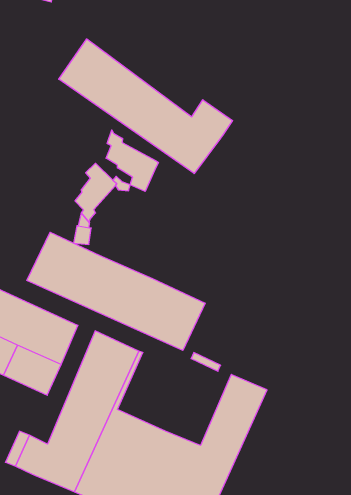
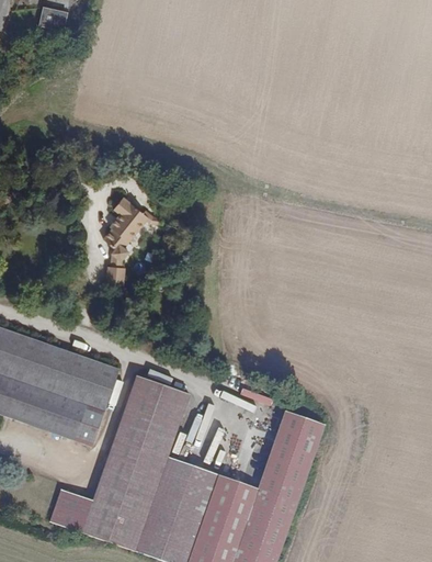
building: [59,39,233,174] -> none
building: [106,130,158,191] -> none
building: [27,232,205,350] -> none

